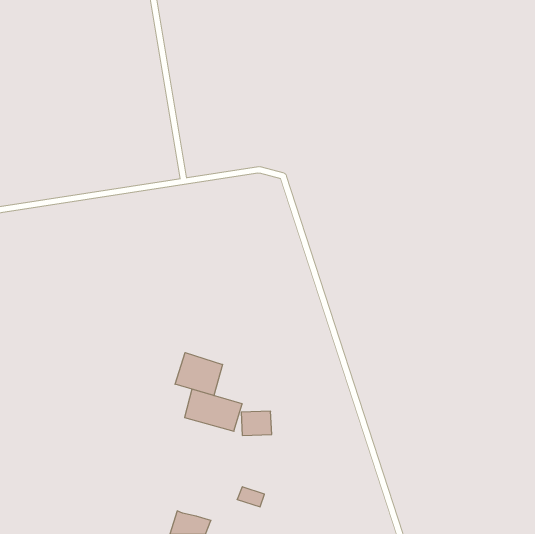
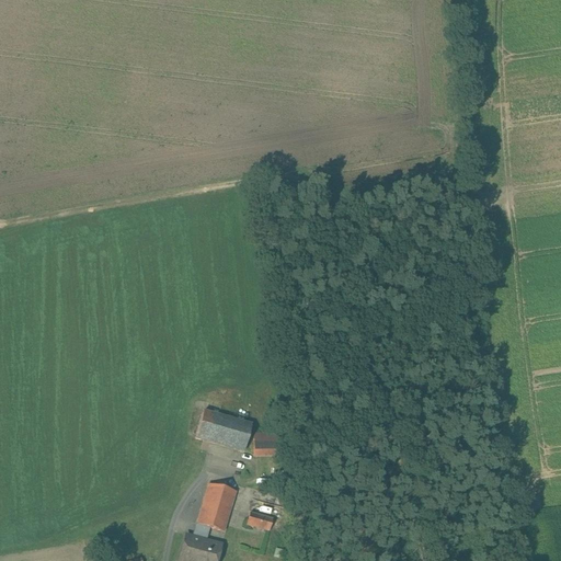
building: [175,353,223,396] -> none
building: none -> [192,482,236,539]

